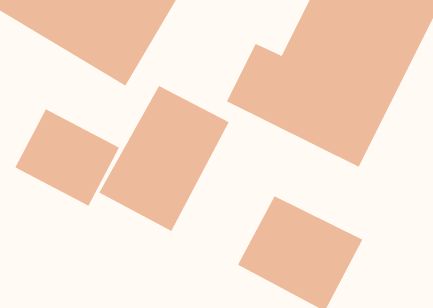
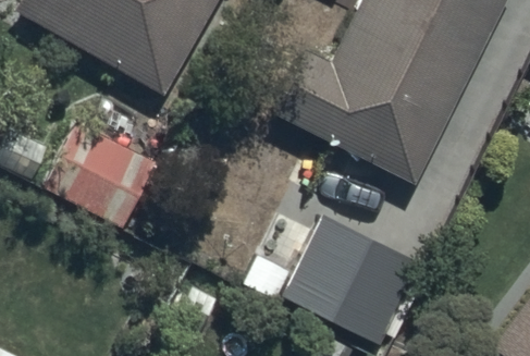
building: [98,85,229,232] -> none

